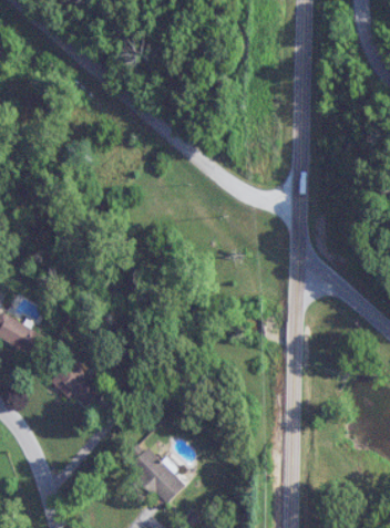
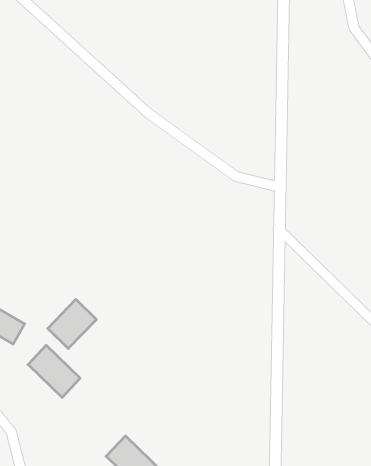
building: none -> [48,299,96,349]

